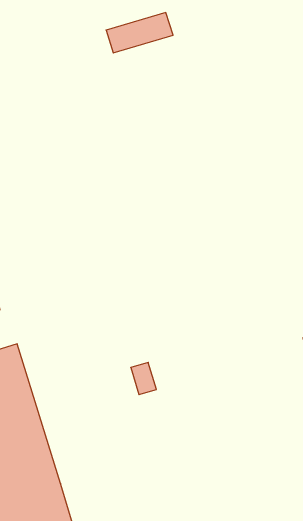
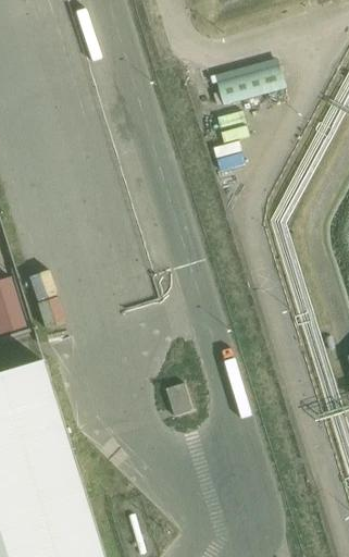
building: [106,13,173,53] -> [212,62,283,104]

